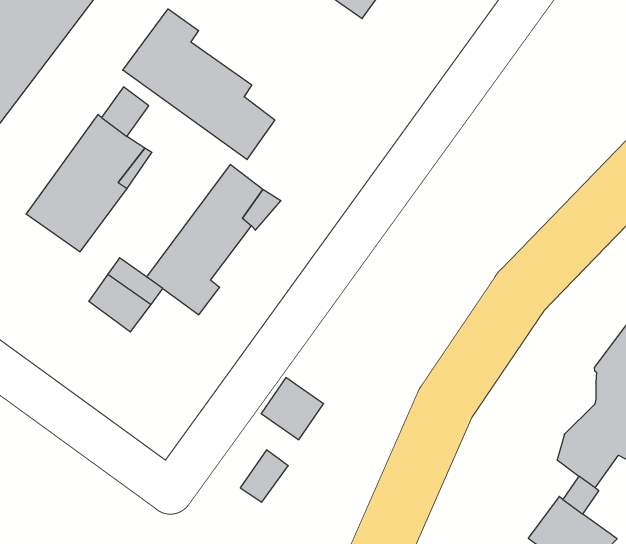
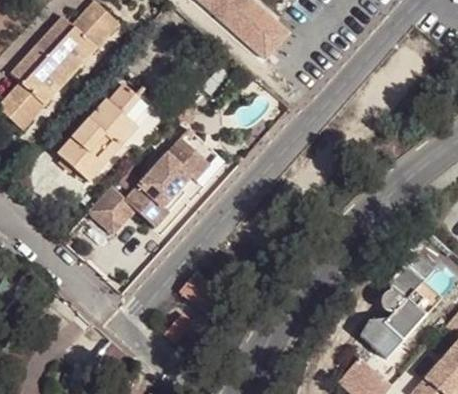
building: [123,9,275,160] -> none

